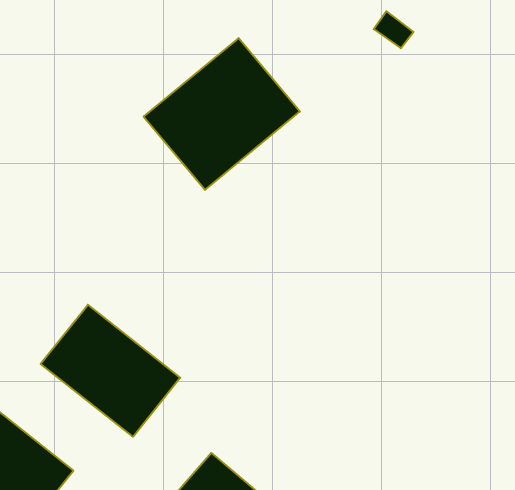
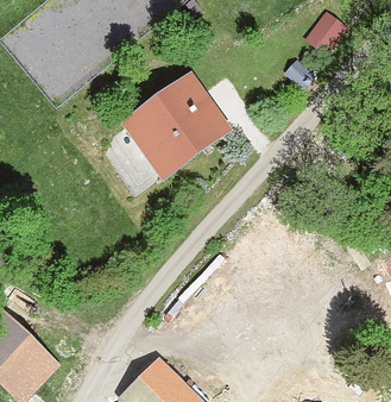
building: [41,305,180,437] -> none

